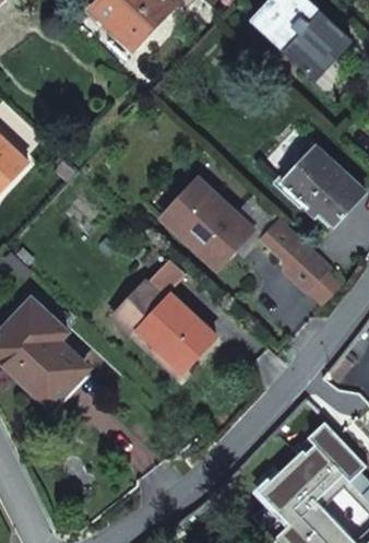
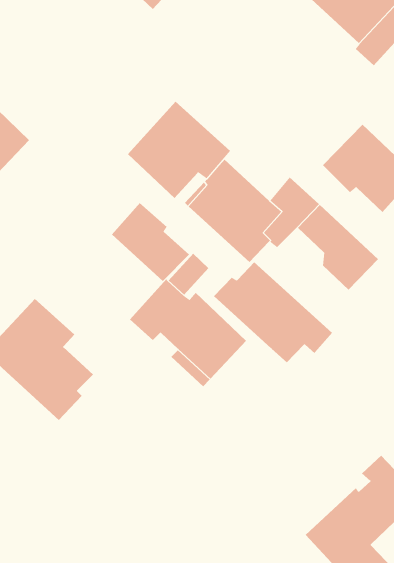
building: none -> [127,101,231,199]
building: none -> [111,202,190,282]
building: none -> [213,261,333,363]

